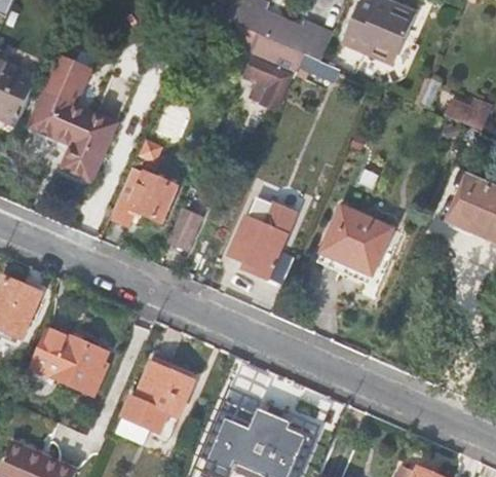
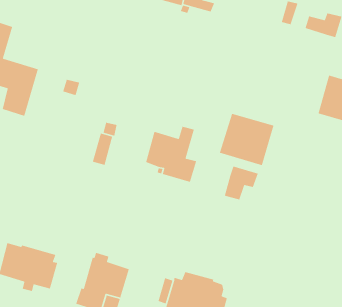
building: [243,60,294,112] -> none
building: [109,167,178,227] -> none
building: none -> [224,166,259,200]

